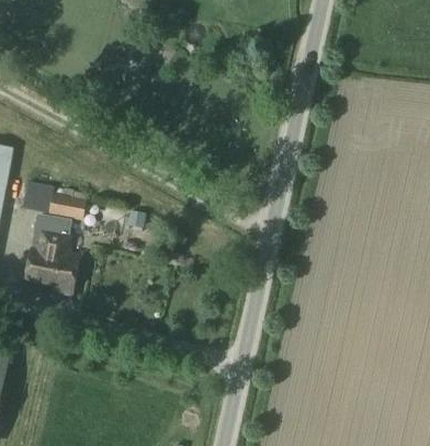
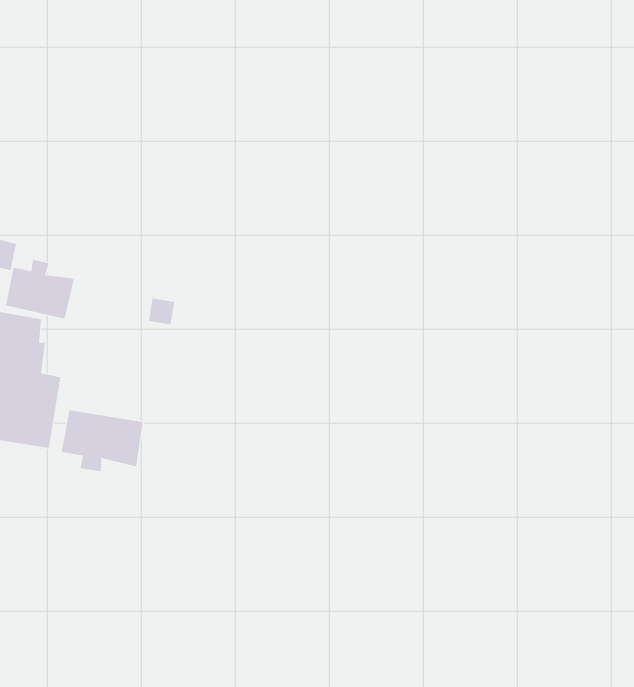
building: none -> [61,410,143,472]

